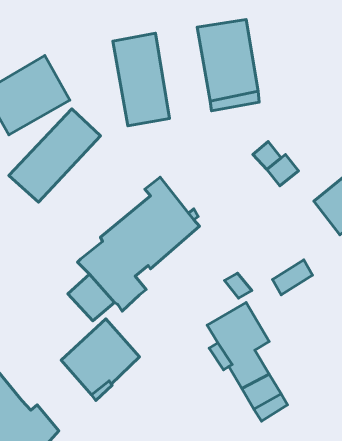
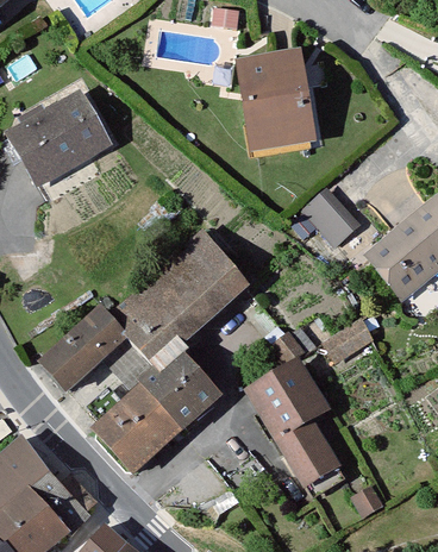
building: [113,33,170,126] -> none
building: [9,109,101,202] -> none
building: none -> [45,309,126,387]
building: none -> [143,357,215,425]

